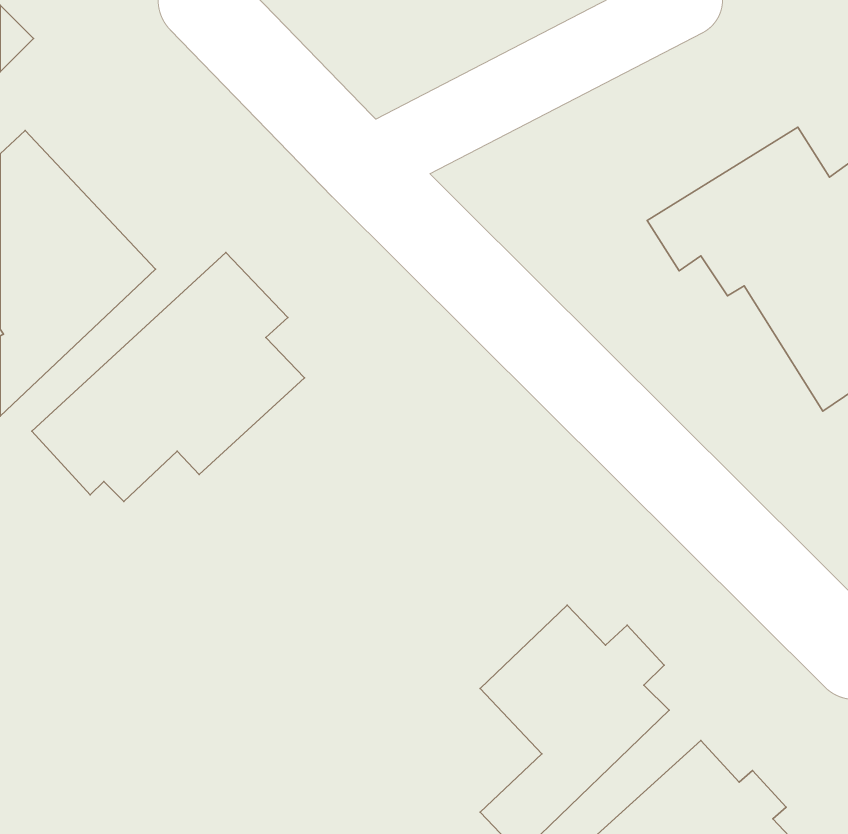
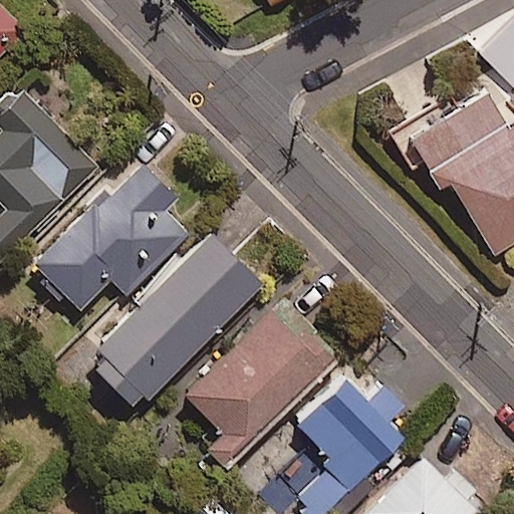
building: none -> [82,232,260,410]
building: none -> [184,302,337,471]

